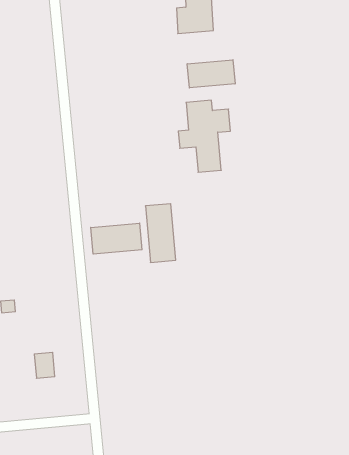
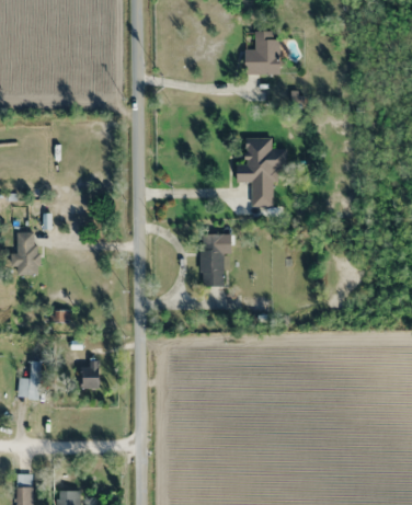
building: [187,60,235,88] -> none
building: [91,223,142,254] -> none

